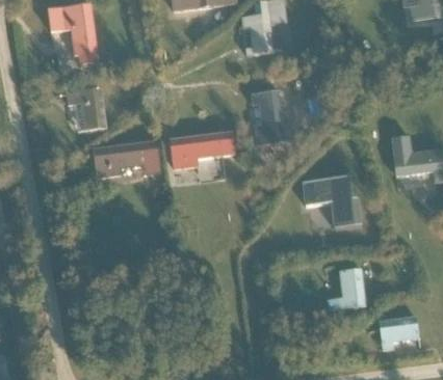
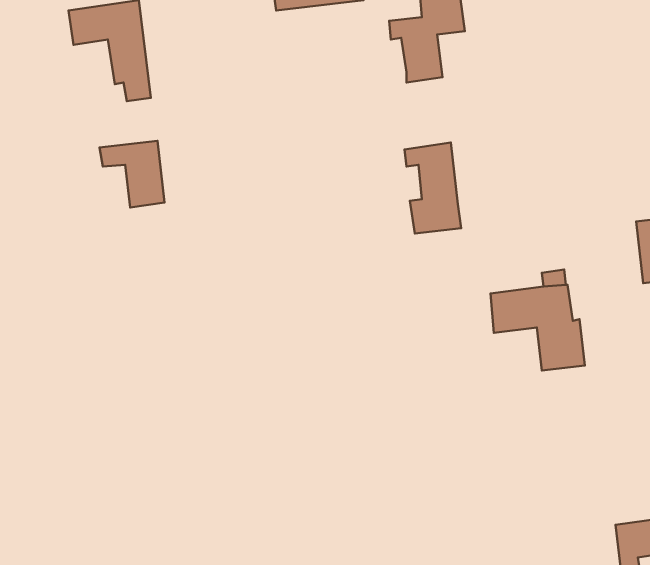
building: [171,132,234,168] -> none
building: [94,141,161,177] -> none
building: [328,268,365,309] -> none

